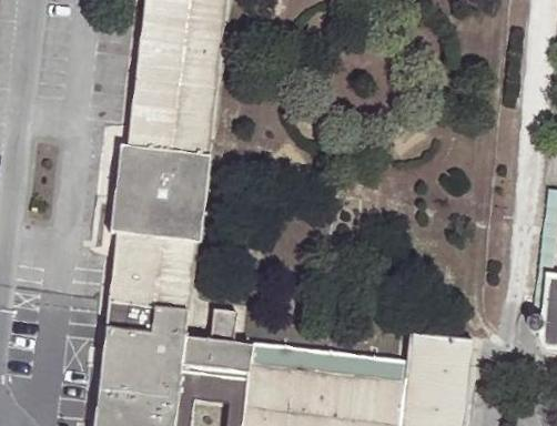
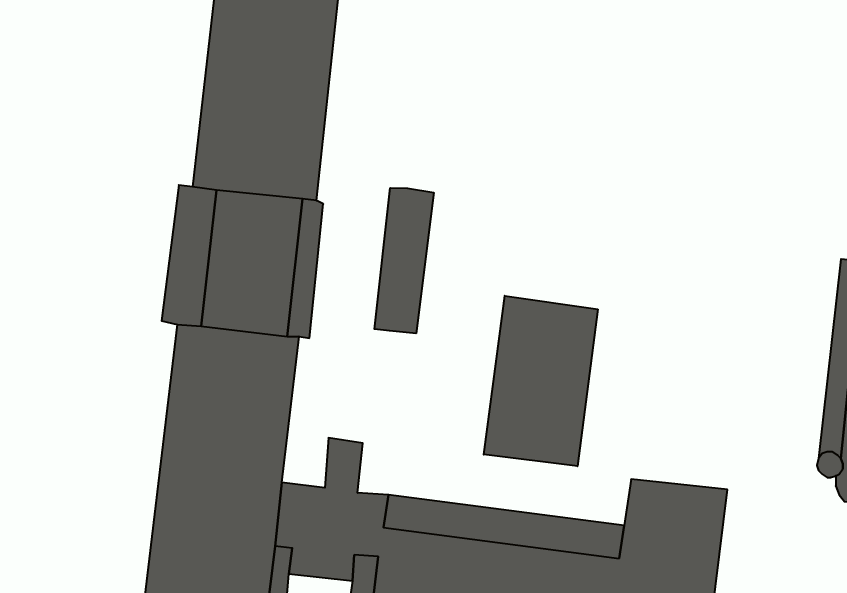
building: none -> [374,188,434,333]
building: none -> [484,296,598,466]

